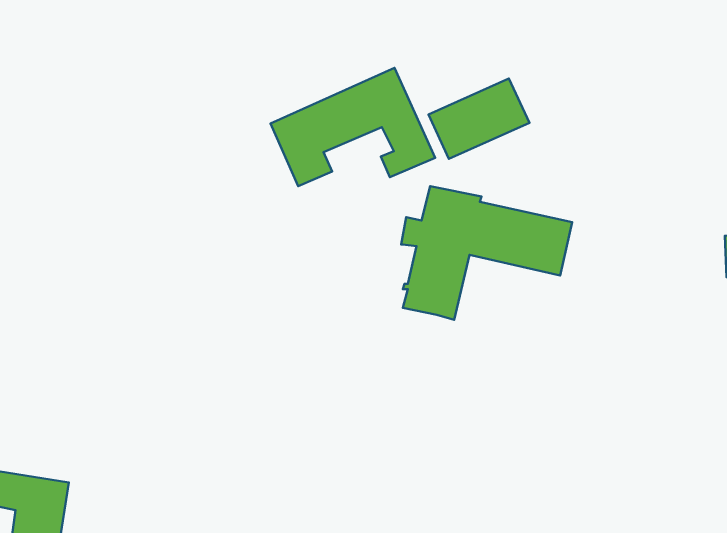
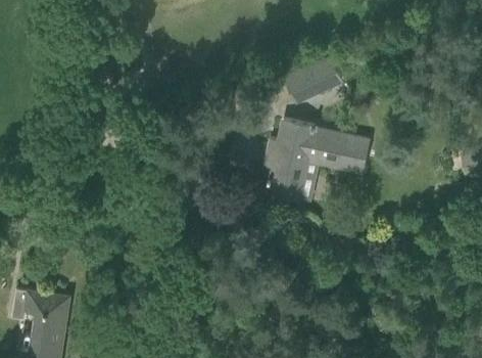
building: [270,68,435,186] -> none

